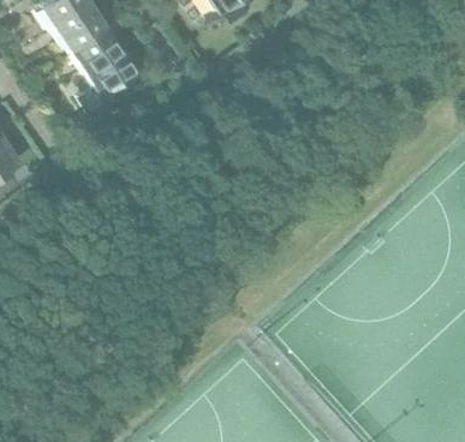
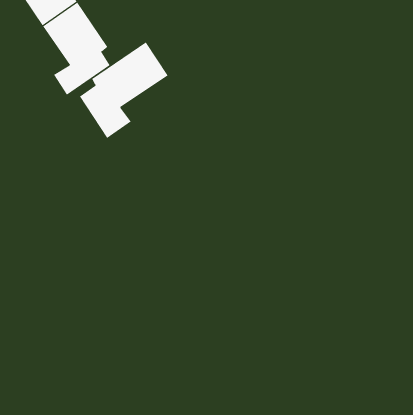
building: none -> [79,42,168,139]

